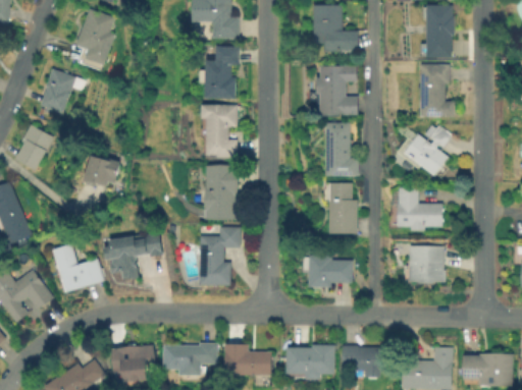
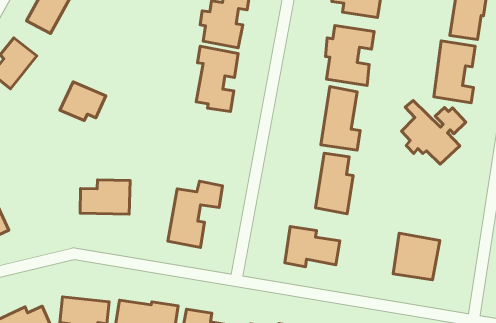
building: [204,165,237,221] -> none
building: [396,187,443,232] -> none
building: [52,243,104,293] -> none

